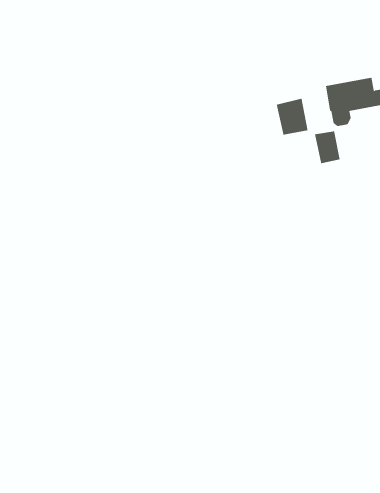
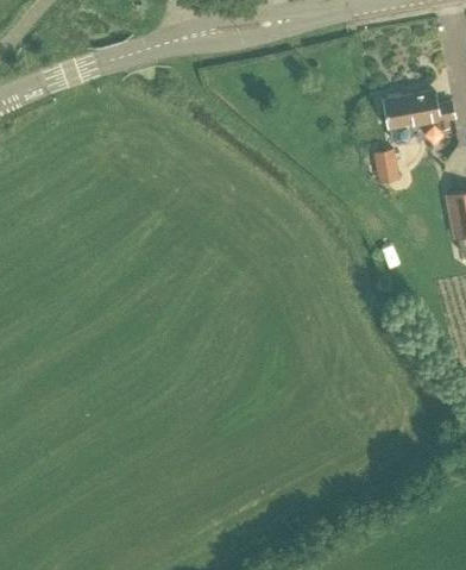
building: [276,98,308,135] -> none

